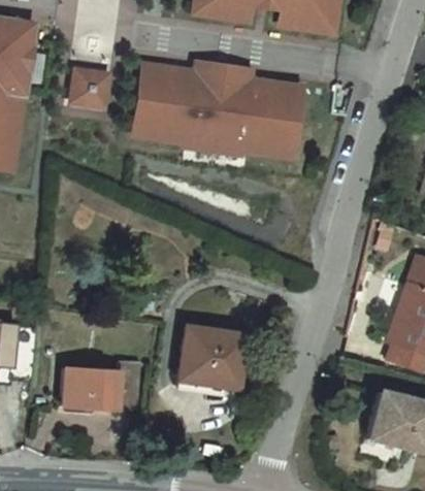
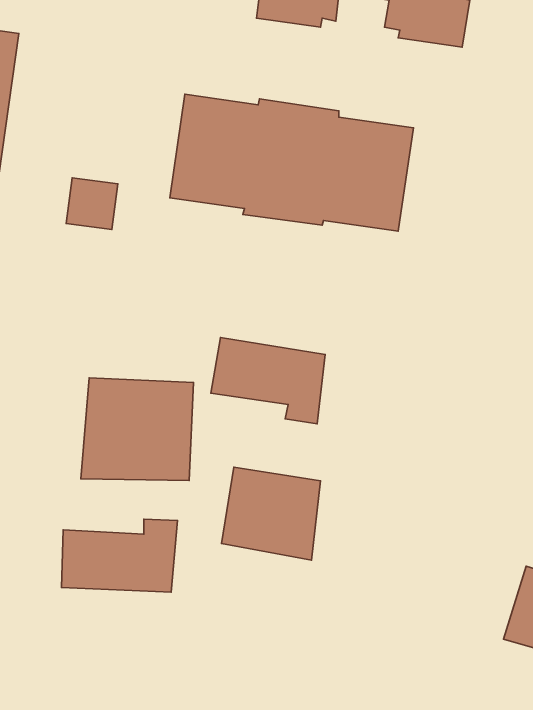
building: [75,72,110,107] -> [66,178,118,230]
building: none -> [211,338,325,424]
building: none -> [81,378,193,480]

